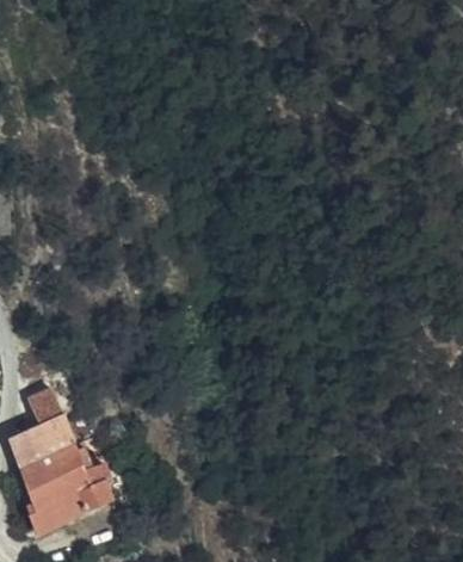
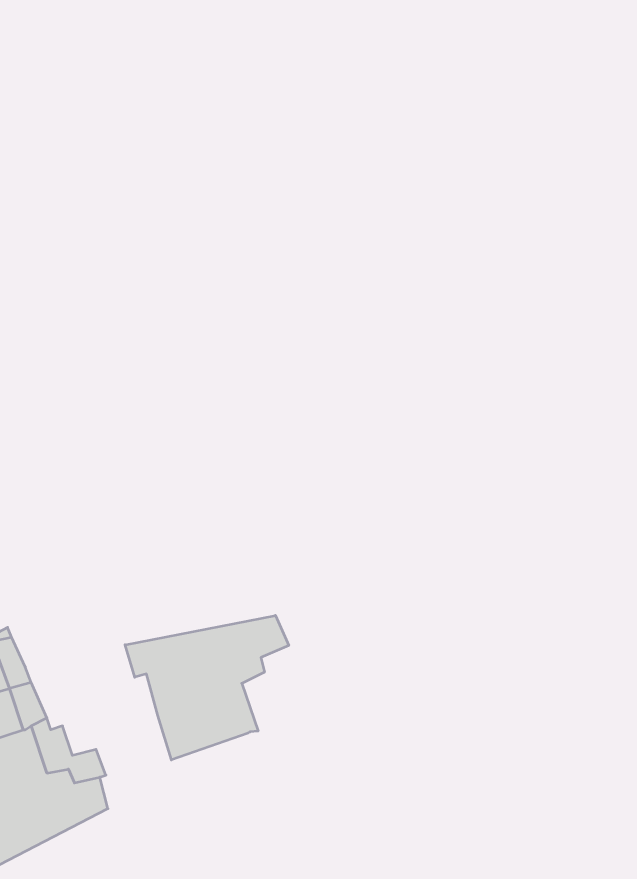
building: none -> [125,615,289,760]

